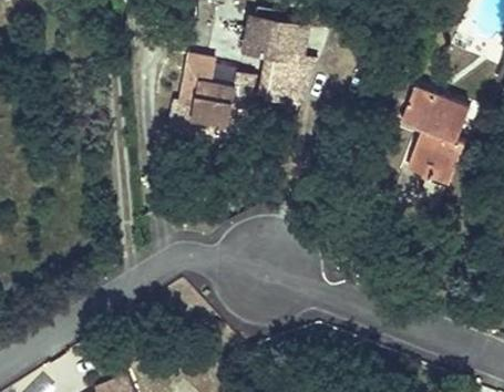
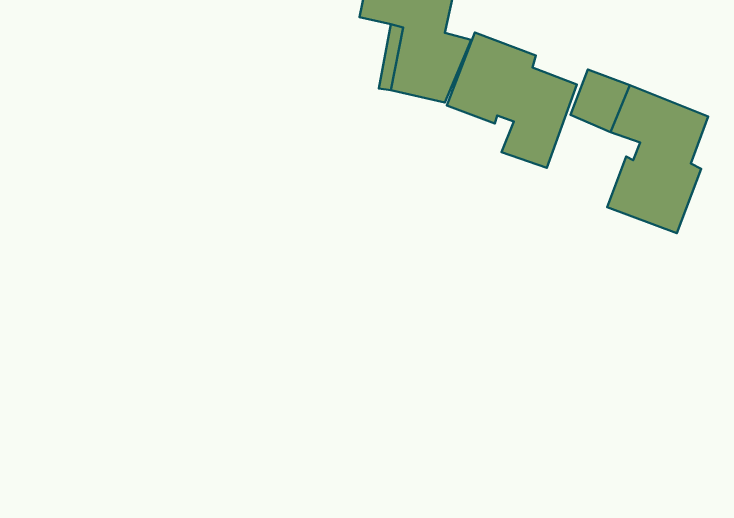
building: [173,52,254,131] -> none
building: none -> [447,32,577,168]

